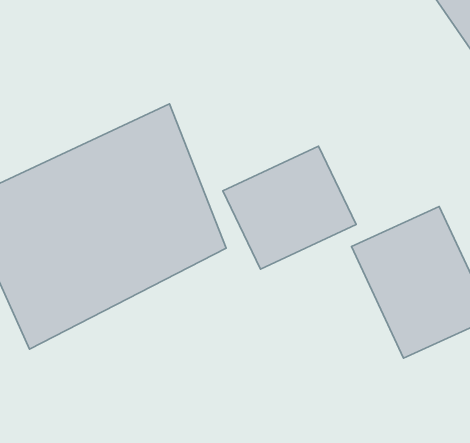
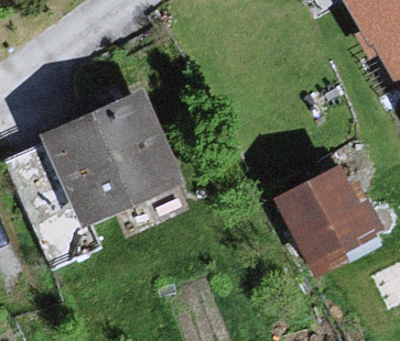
building: [223,146,356,269] -> none

